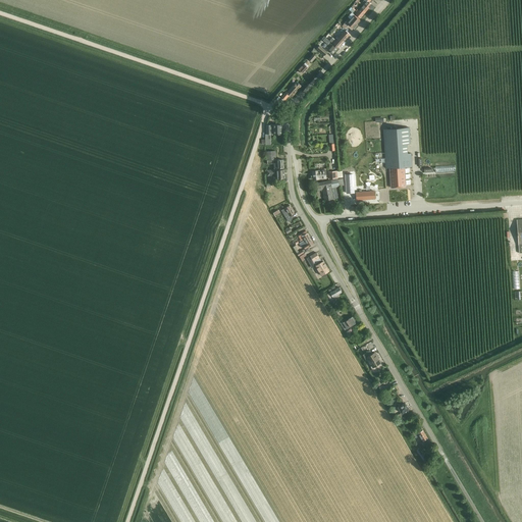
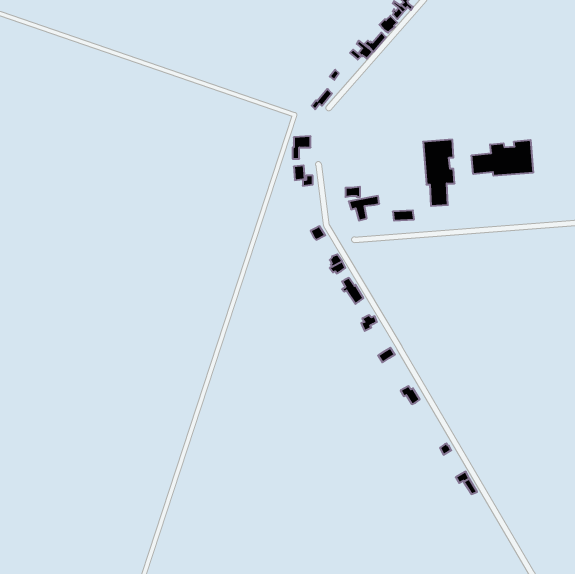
building: none -> [472,140,533,176]

